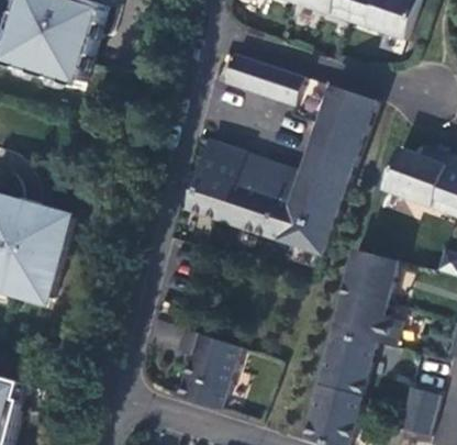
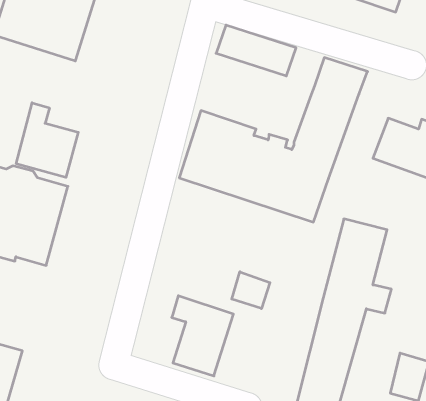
building: none -> [16,103,78,177]
building: none -> [232,272,270,309]

